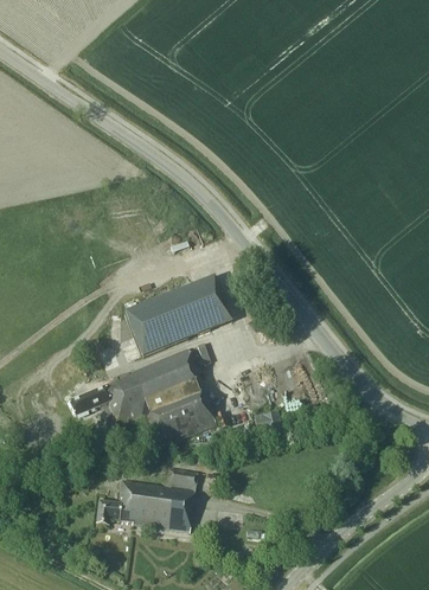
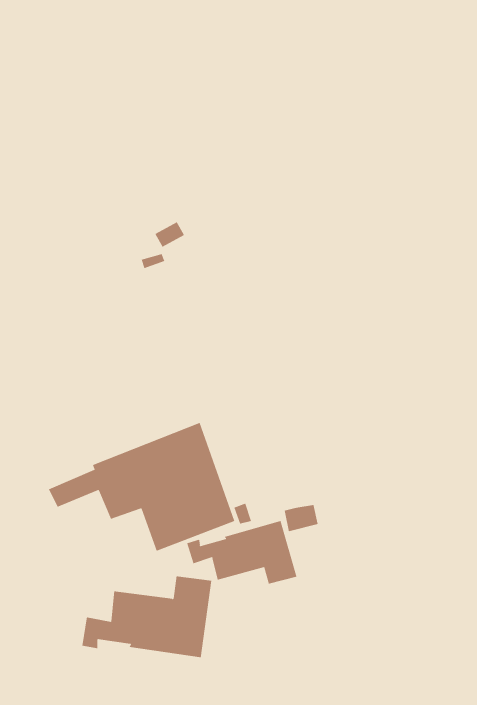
building: [123,275,230,353] -> none
building: none -> [187,520,297,585]

